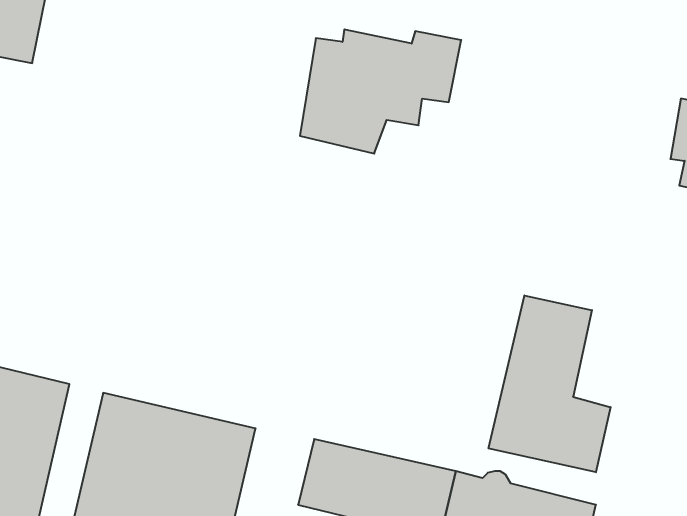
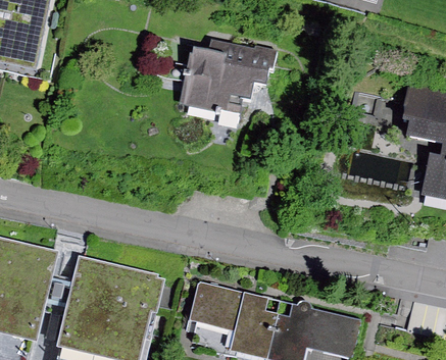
building: [489,295,611,472] -> none

